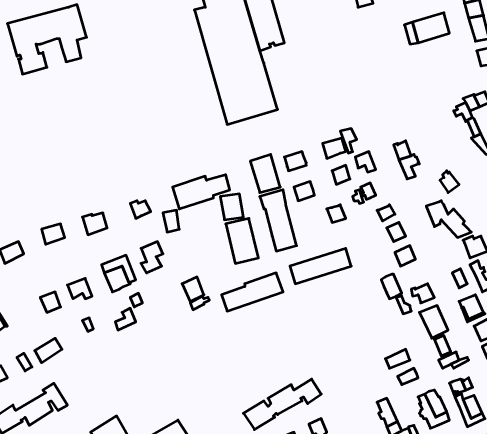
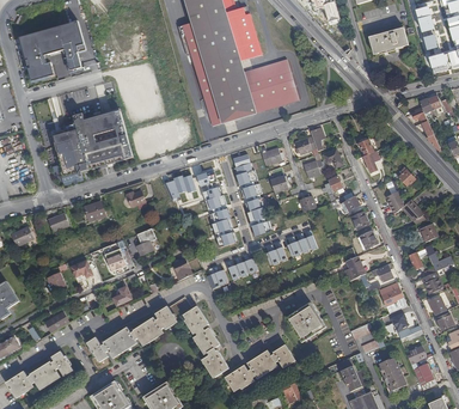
building: none -> [244,57,299,111]
building: none -> [47,108,133,176]
building: none -> [86,298,228,378]
building: none -> [286,304,324,341]

